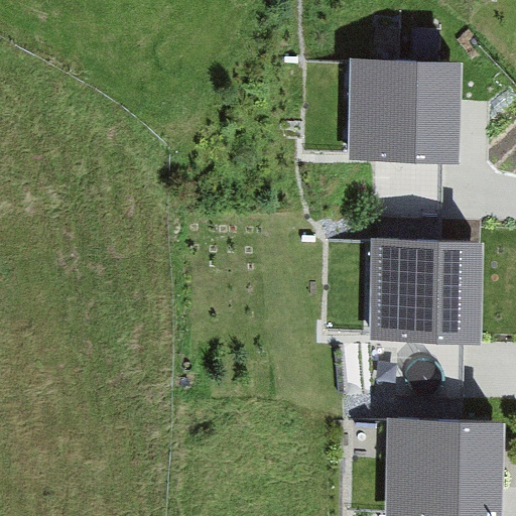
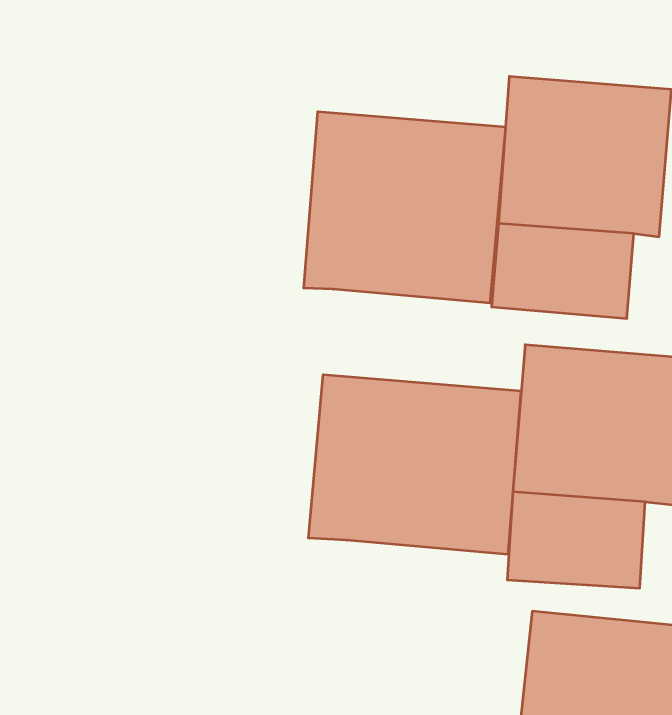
building: none -> [304,112,506,303]
building: none -> [308,375,521,554]

